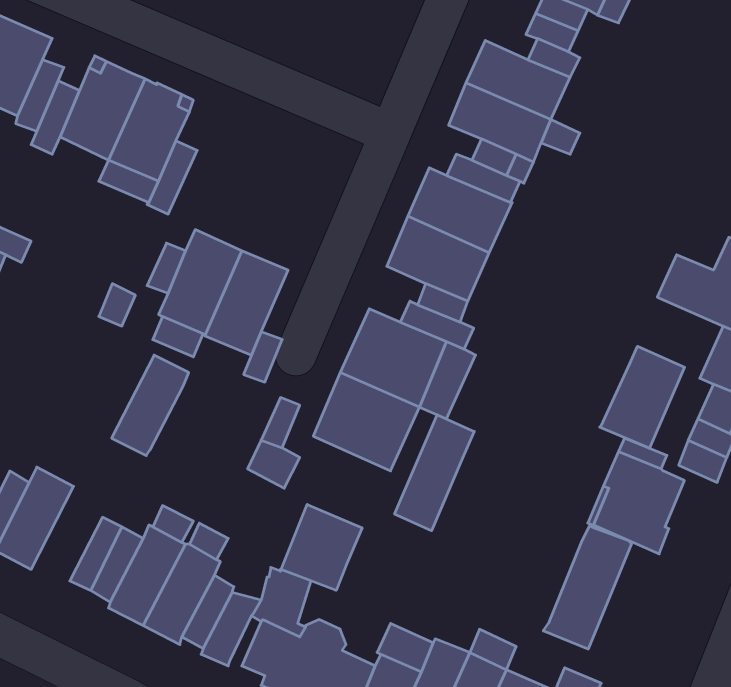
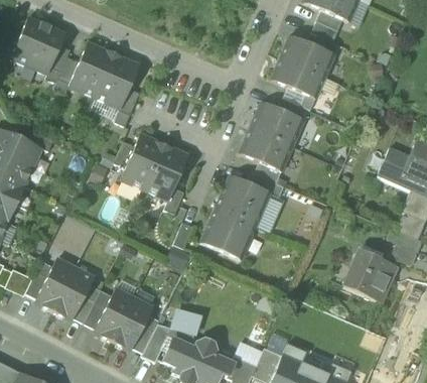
building: [600,346,685,448] -> none
building: [112,355,189,456] -> [53,268,94,321]
building: [395,415,474,531] -> none
building: [281,504,362,590] -> none
building: [543,526,631,649] -> none

